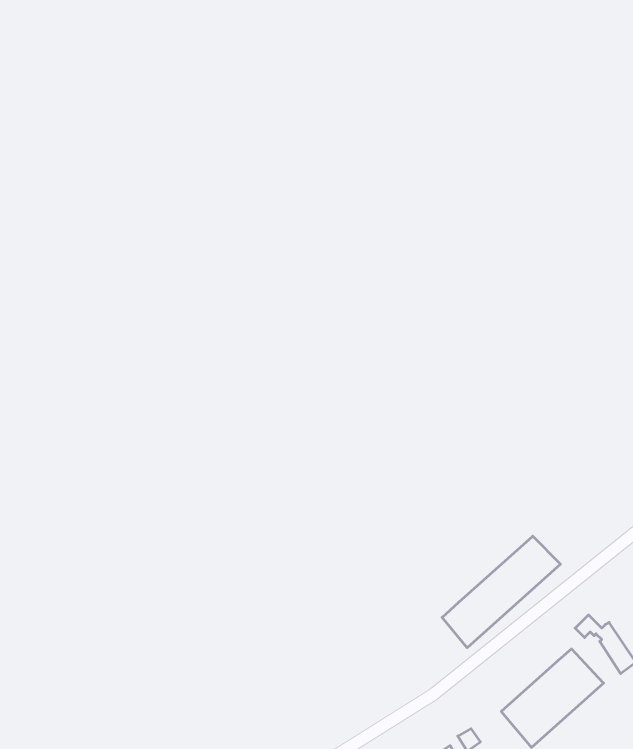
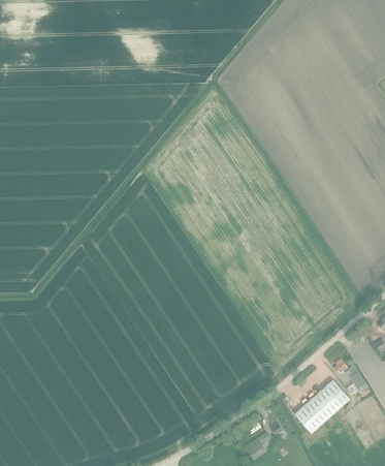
building: [442,536,560,648] -> none

